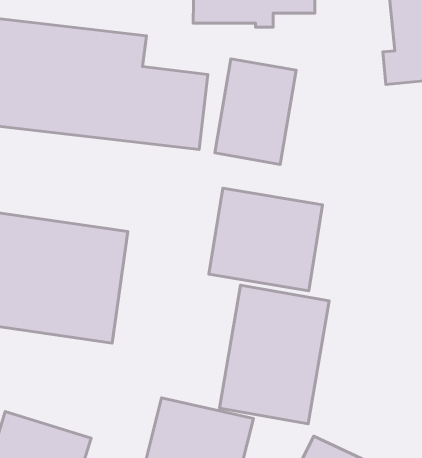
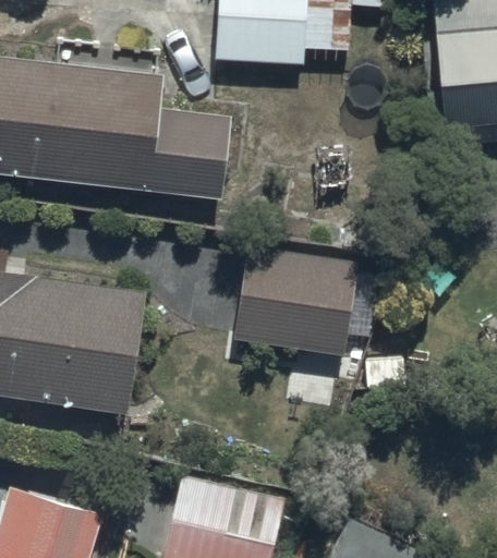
building: [215,59,296,165] -> none
building: [220,285,329,424] -> none

